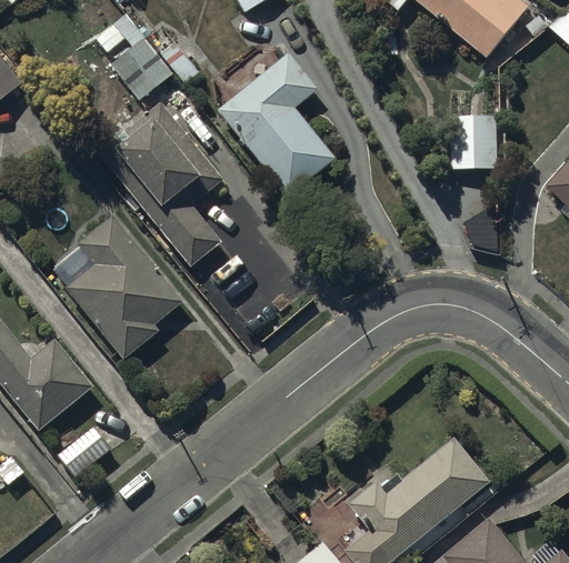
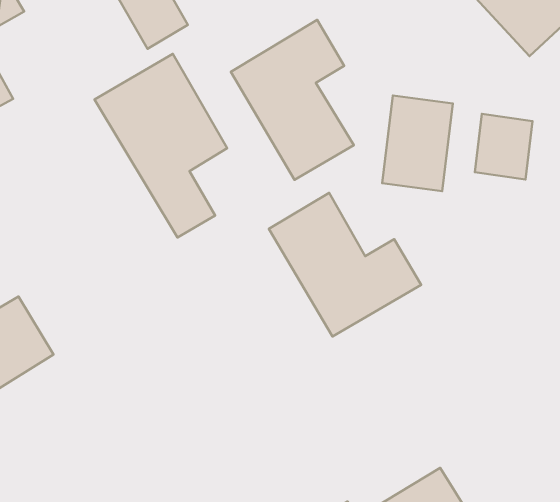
building: none -> [382,96,453,191]
building: none -> [269,193,421,337]
building: [53,215,184,360] -> none

